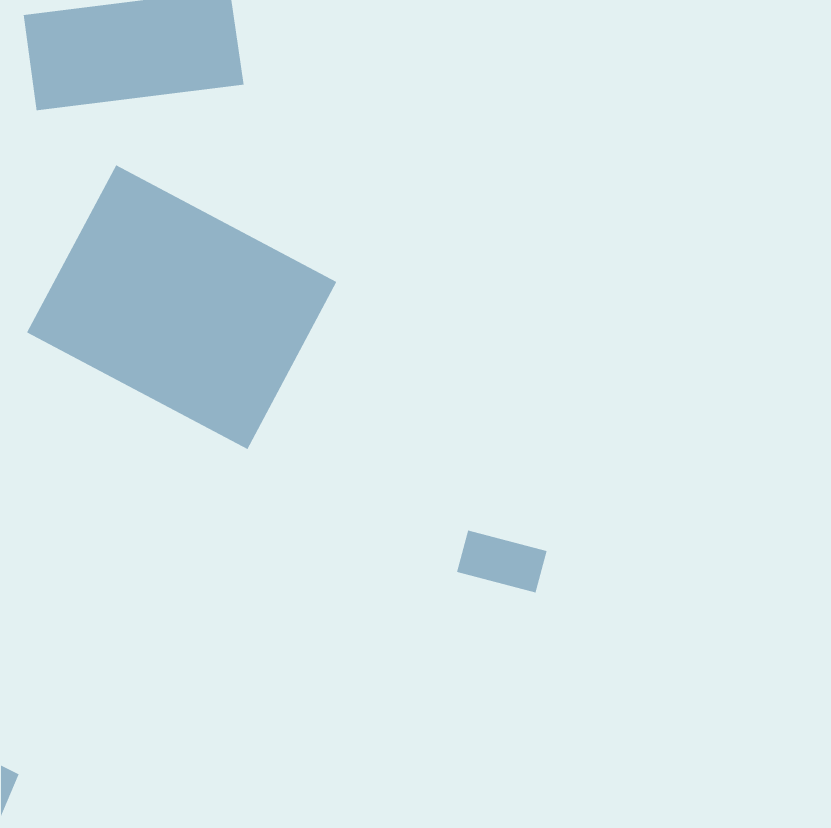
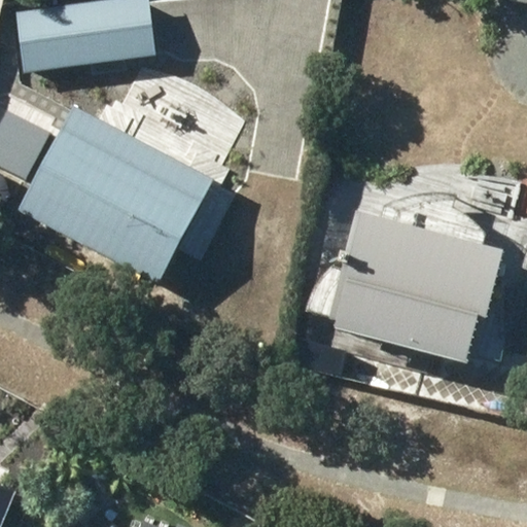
building: none -> [328,214,504,364]

